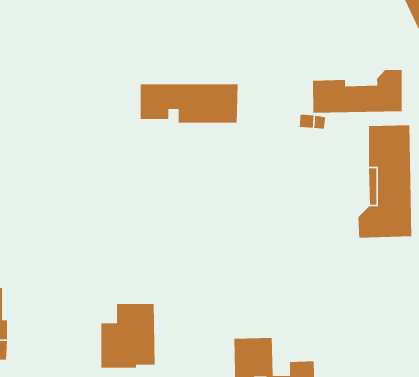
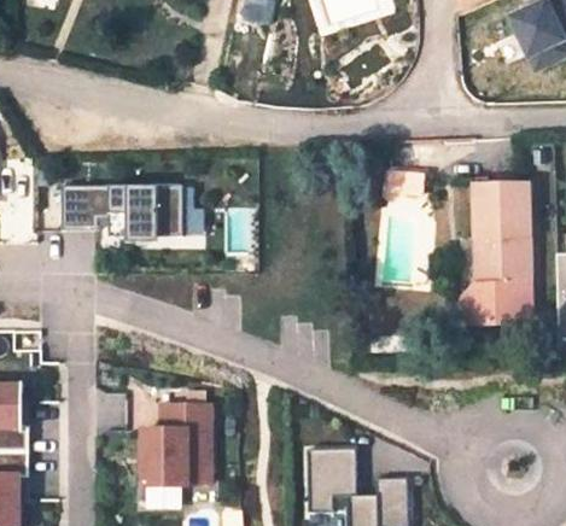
building: [312,69,402,114] -> none
building: [140,84,238,124] -> [62,186,183,235]

